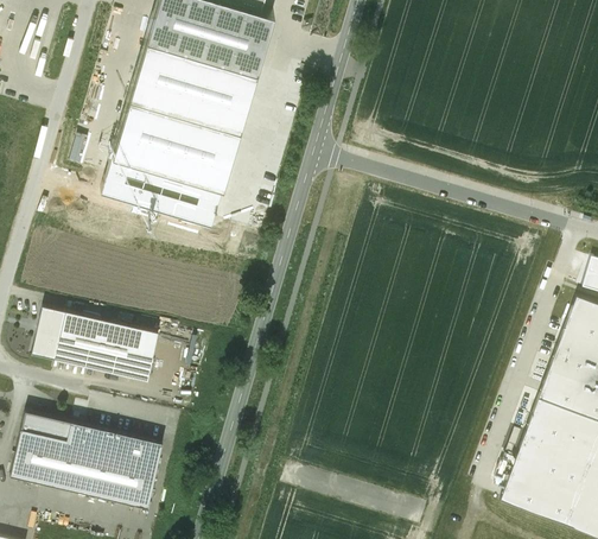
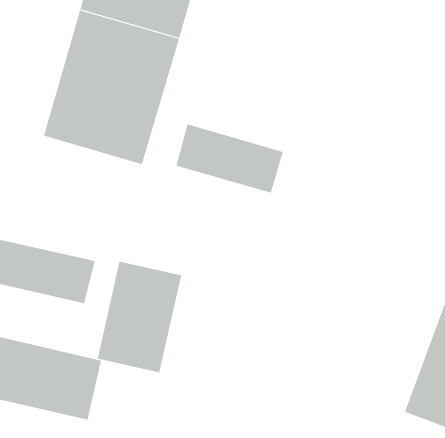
building: none -> [176,124,283,194]
building: none -> [97,261,182,373]

